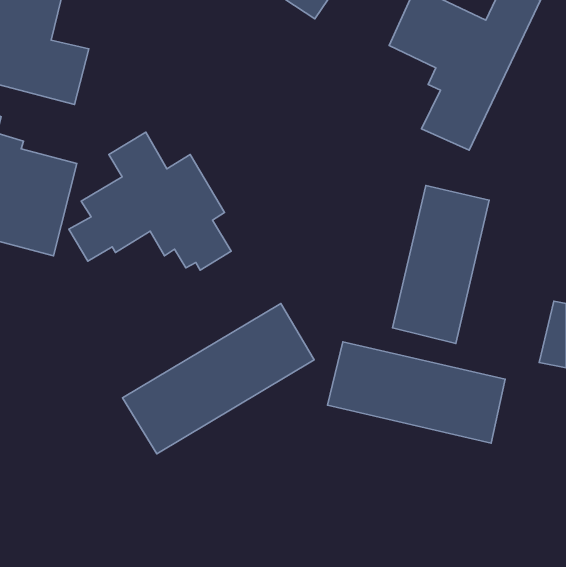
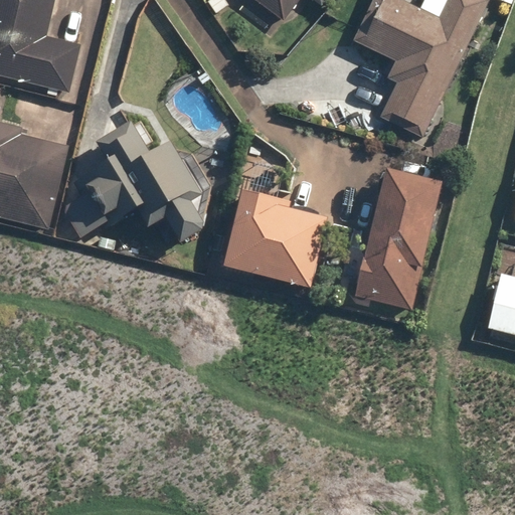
building: none -> [223,188,328,286]
building: [122,303,314,454] -> none
building: [328,342,505,443] -> none

